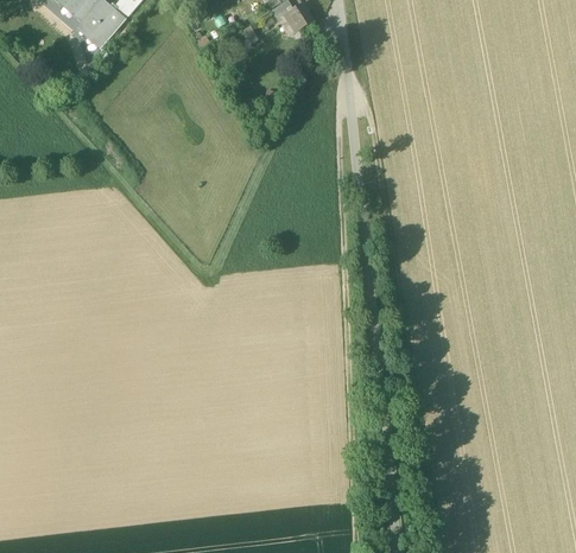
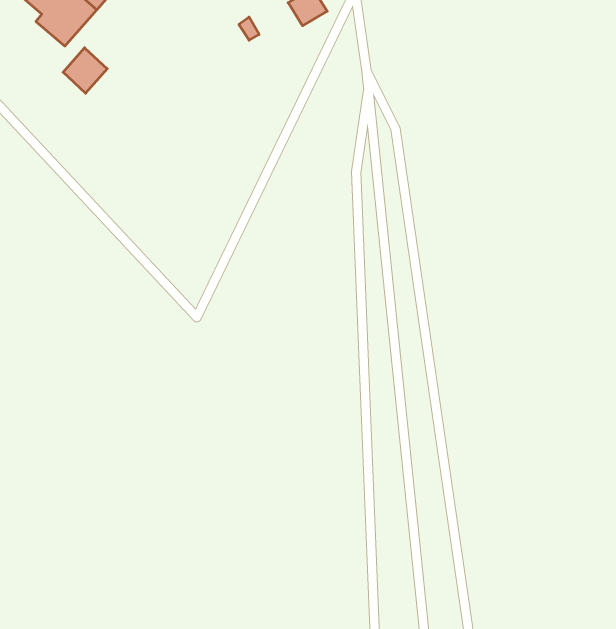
building: none -> [63,48,107,93]

